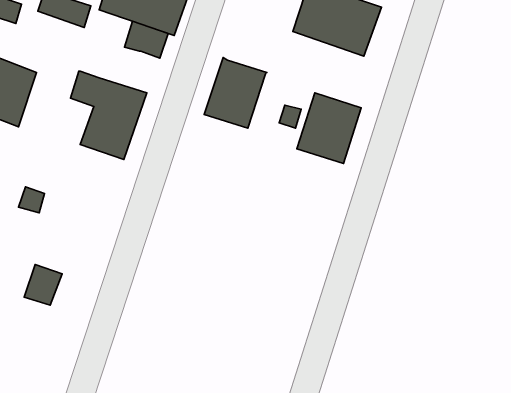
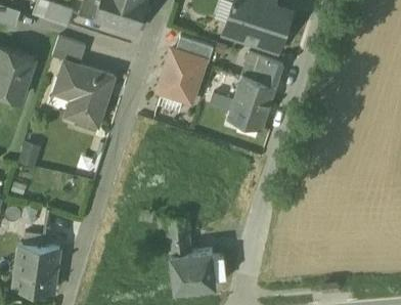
building: [124,21,168,58] -> [53,37,86,64]
building: none -> [176,36,214,62]
building: none -> [241,52,284,87]
building: none -> [167,217,217,293]
building: none -> [13,245,58,293]

